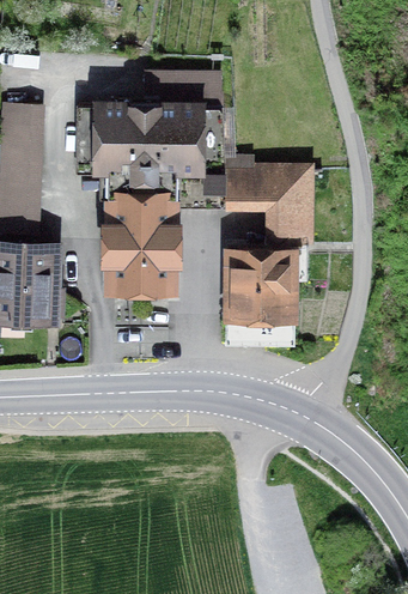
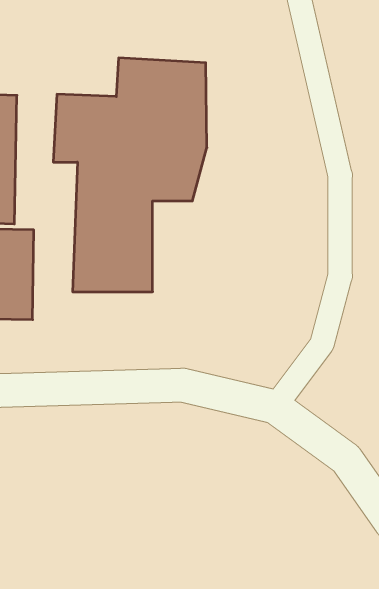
building: [219,157,312,316] -> none

